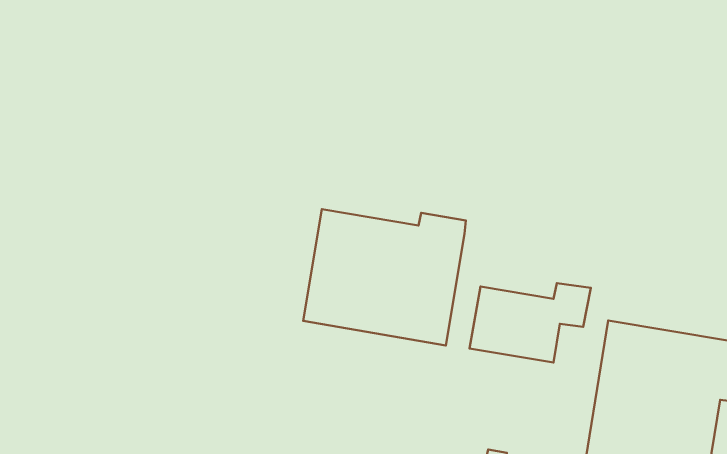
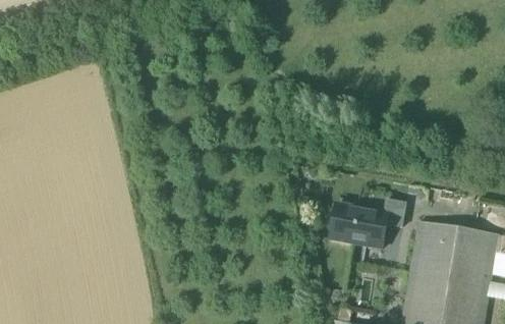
building: [303,209,466,346] -> none

